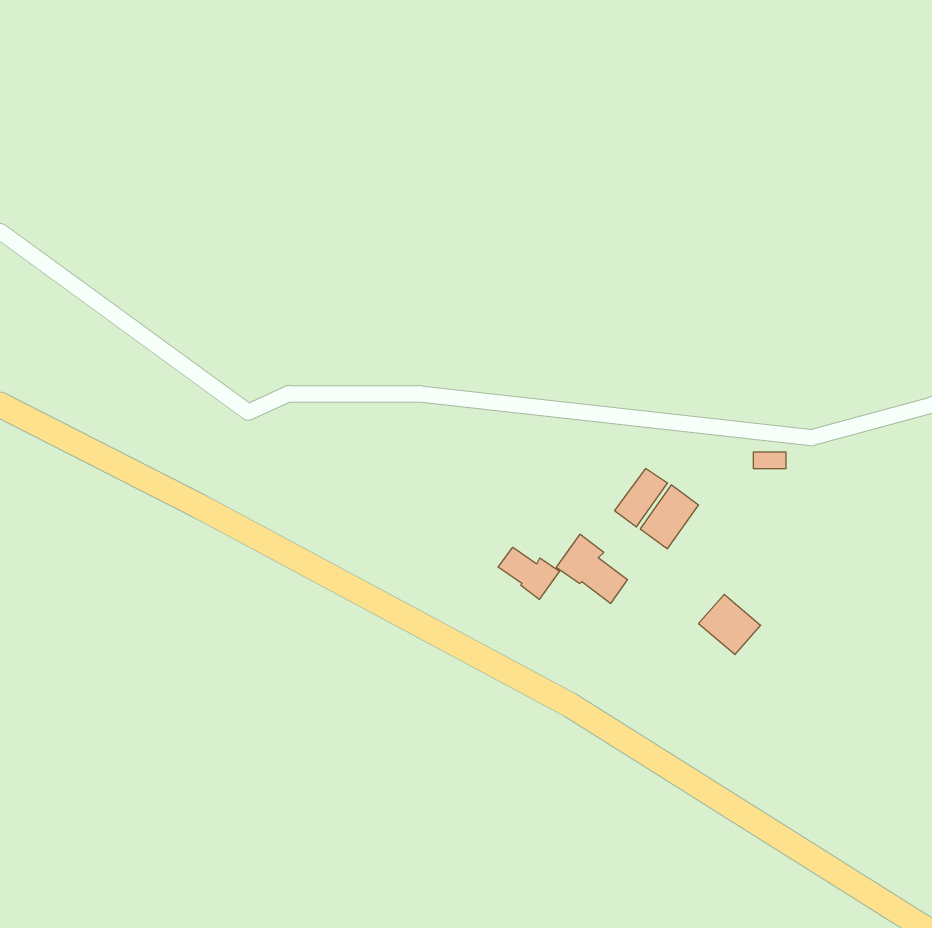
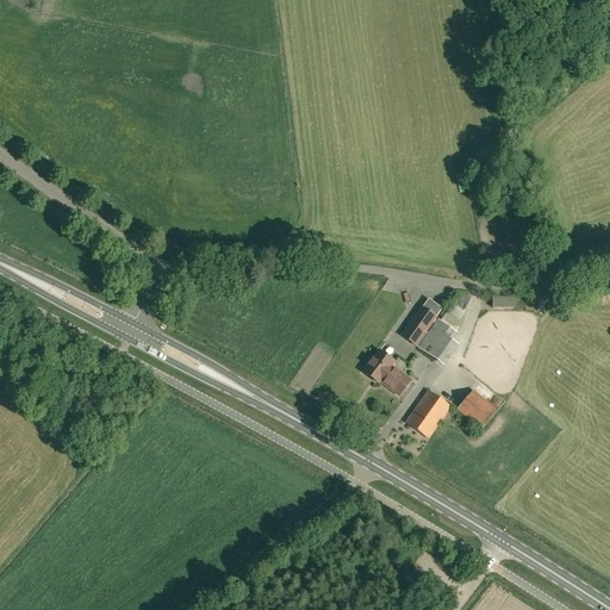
building: [498,547,560,599] -> none
building: none -> [405,390,450,437]

